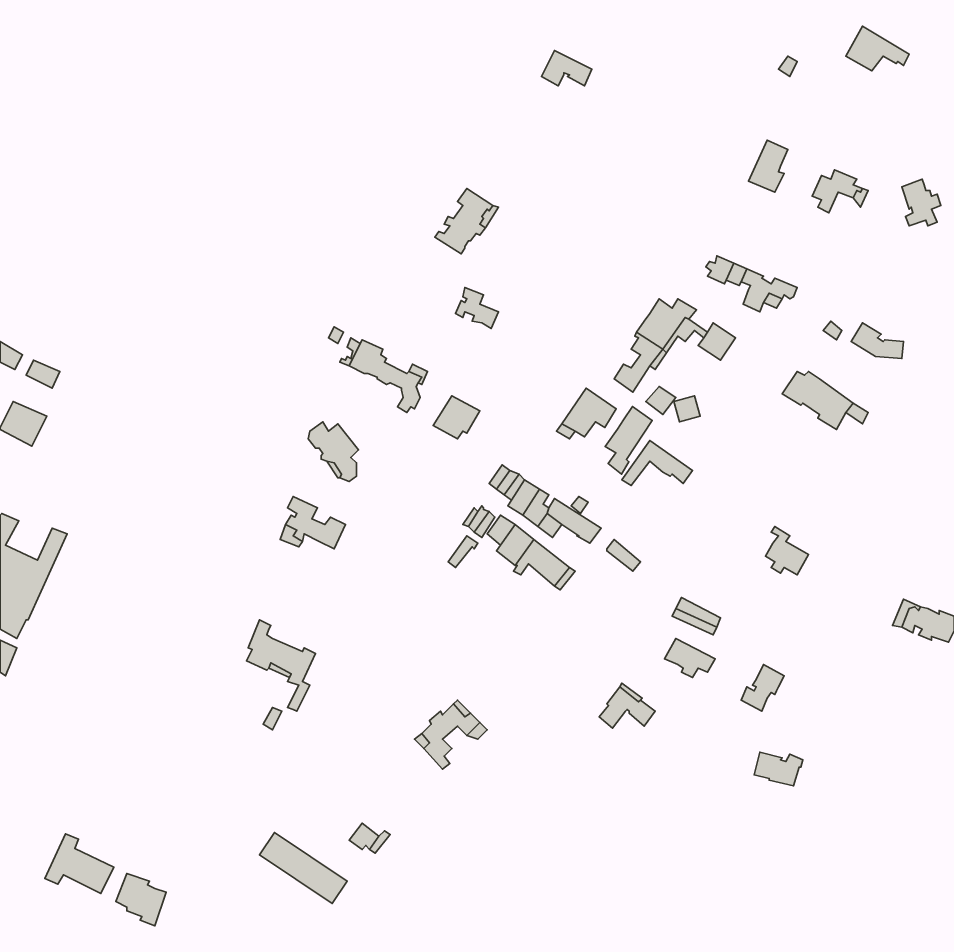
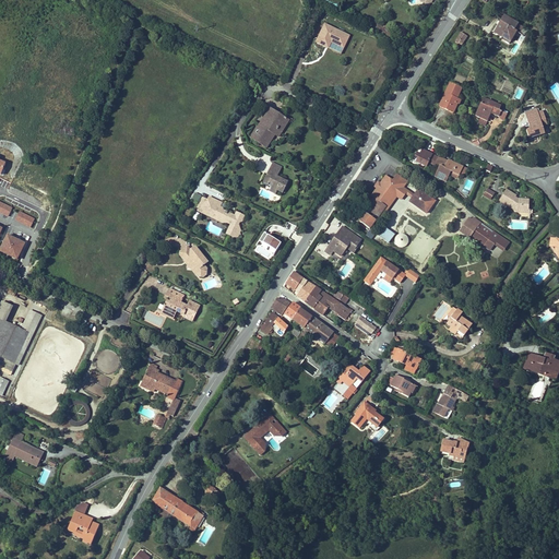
building: [605,406,652,474] -> none
building: none -> [335,365,368,396]
building: [45,834,114,893] -> [4,429,45,464]

